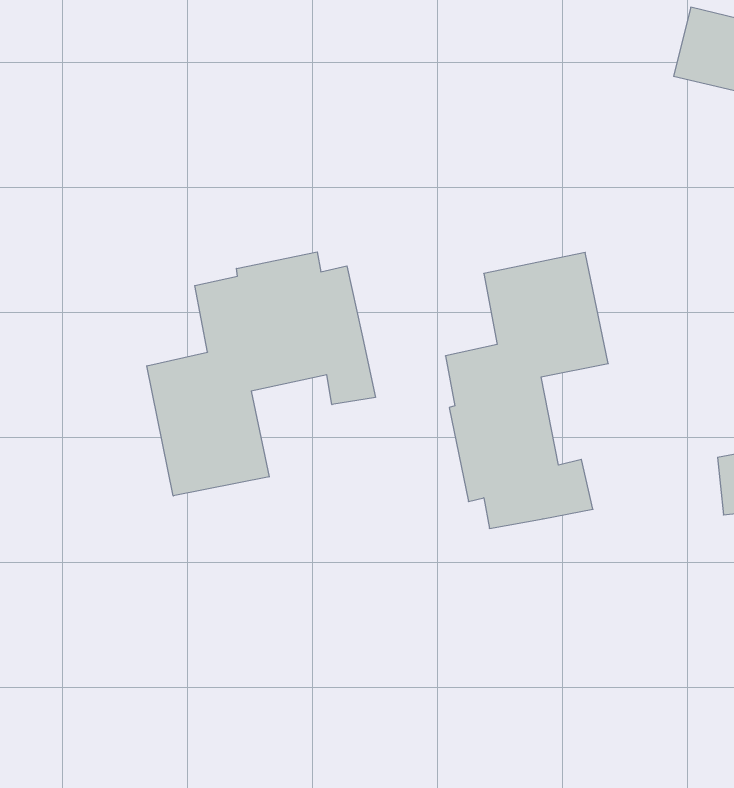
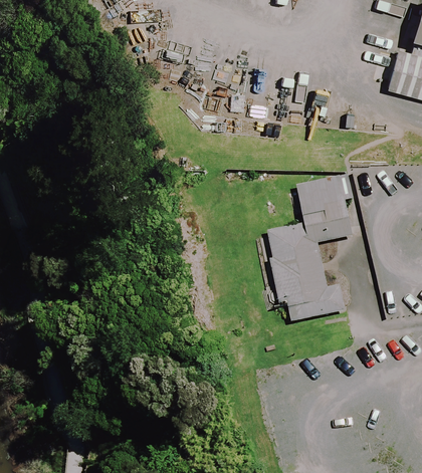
building: [147,252,375,496] -> none

